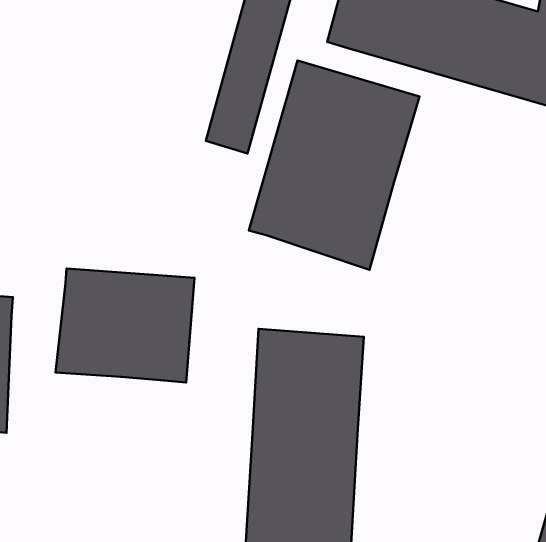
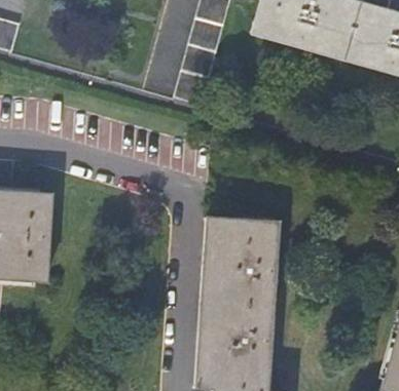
building: [249,61,420,270] -> none
building: [56,268,195,382] -> none

